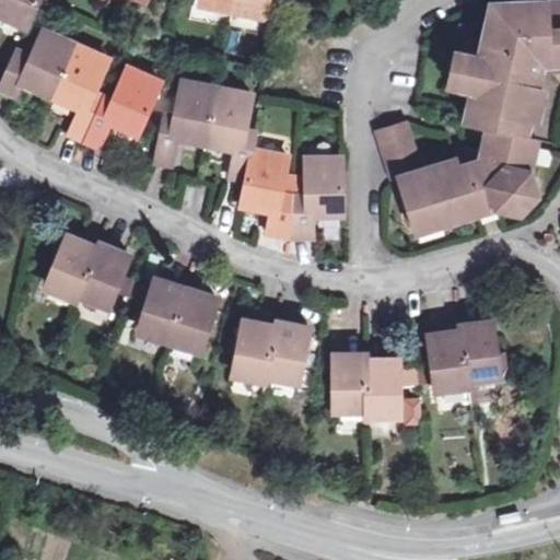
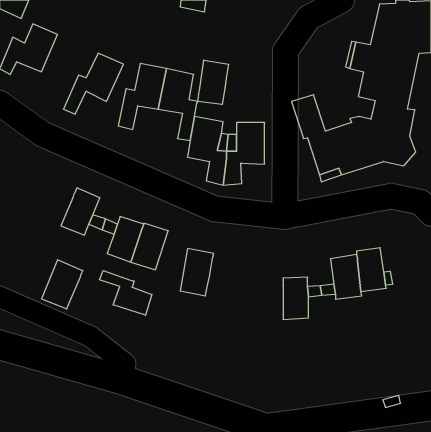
building: [54,45,106,141] -> none
building: none -> [198,60,228,105]
building: [44,234,97,298] -> [42,260,83,309]
building: [267,324,308,383] -> none
building: none -> [99,271,152,315]
building: [332,353,366,408] -> none

